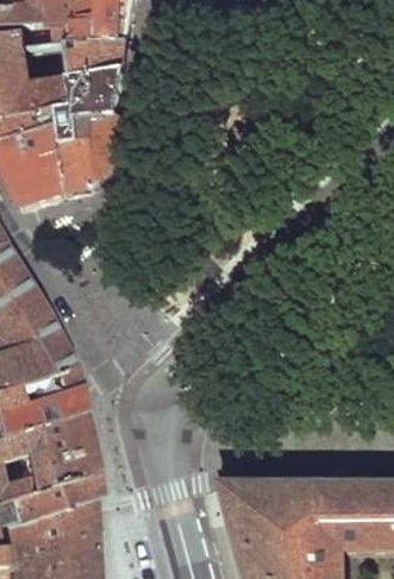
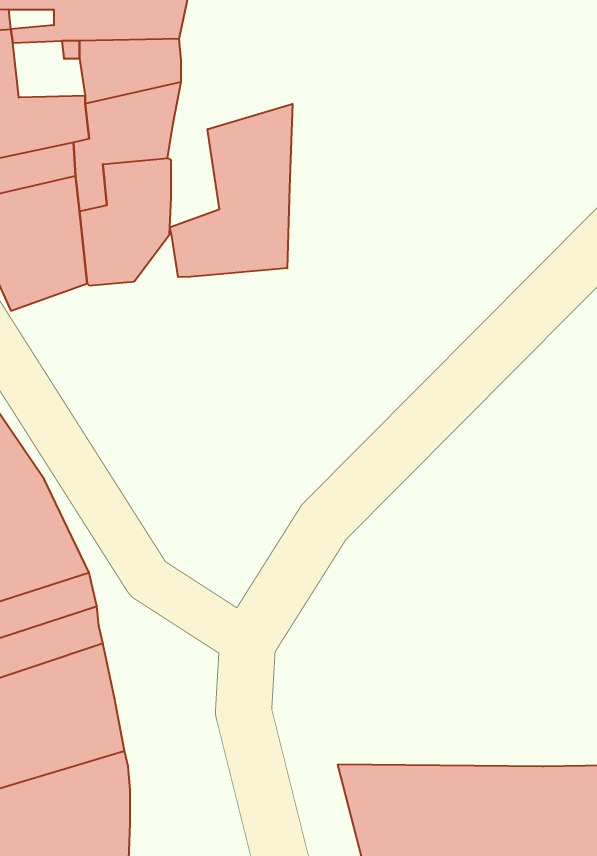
building: none -> [170,104,292,277]

